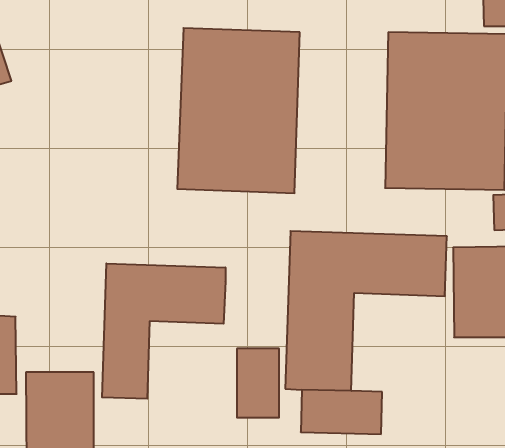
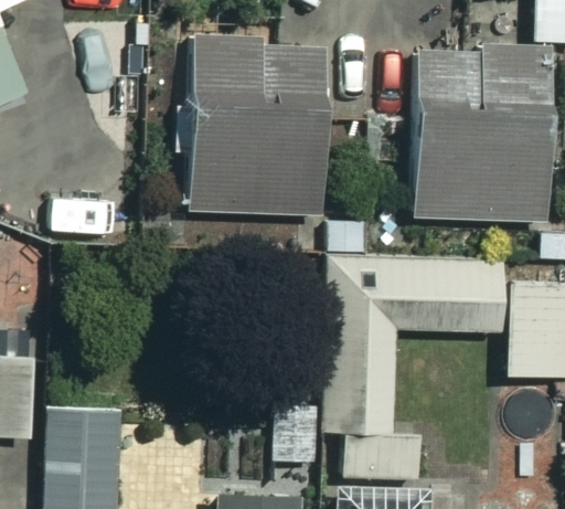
building: [102,263,225,399] -> none

